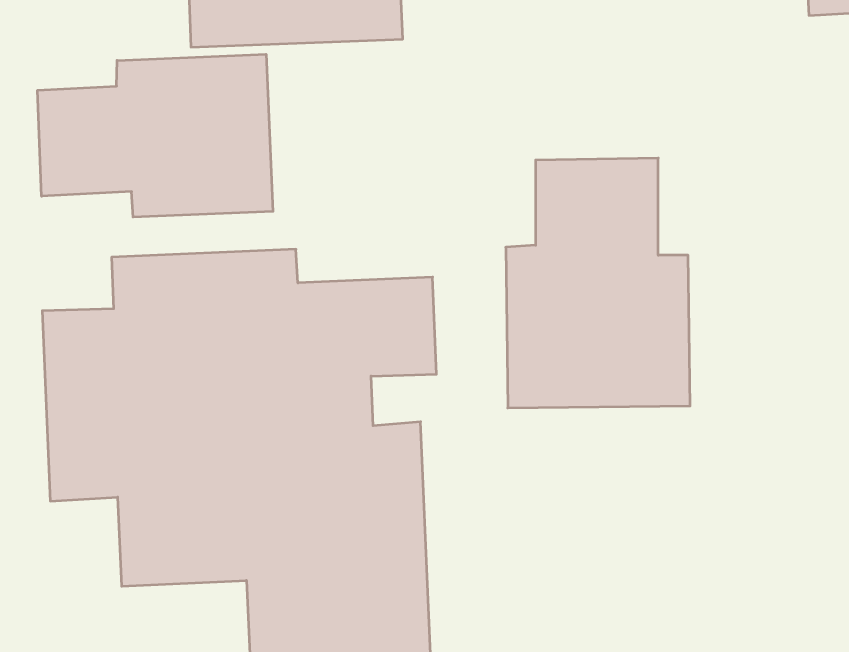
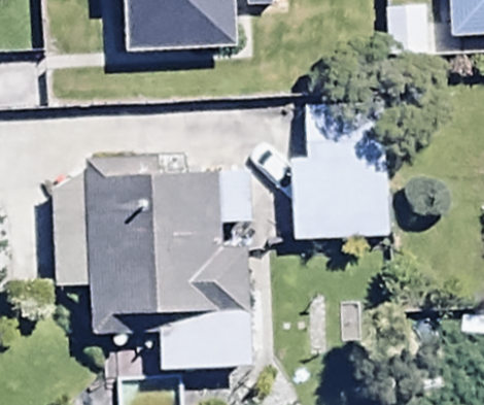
building: [38,54,273,217] -> none

